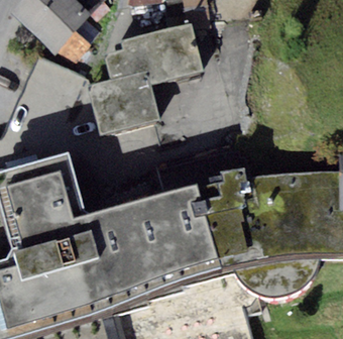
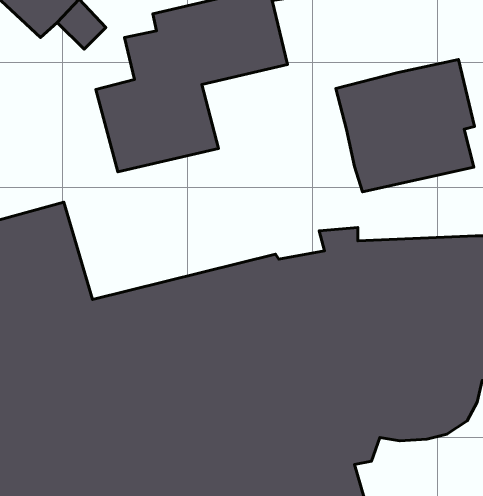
building: none -> [336,60,475,192]

